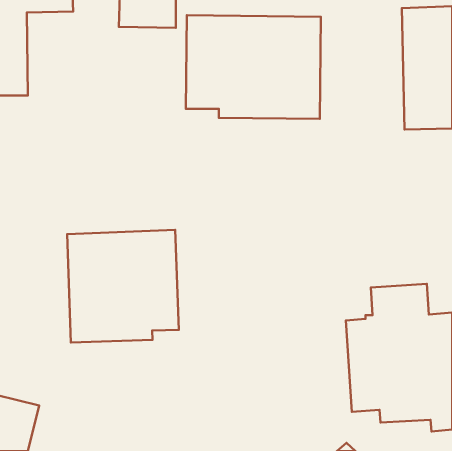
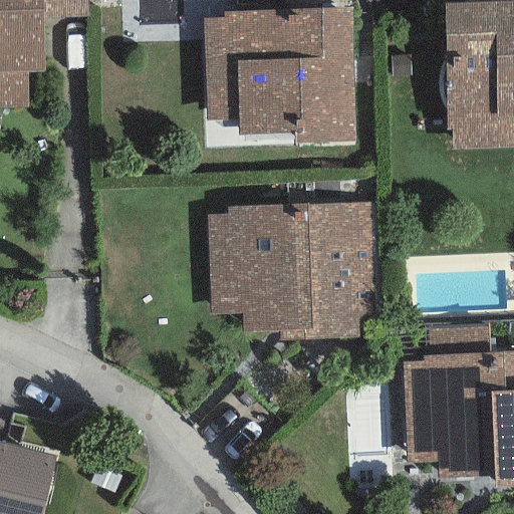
building: none -> [215,202,380,319]
building: [67,230,179,343] -> none

